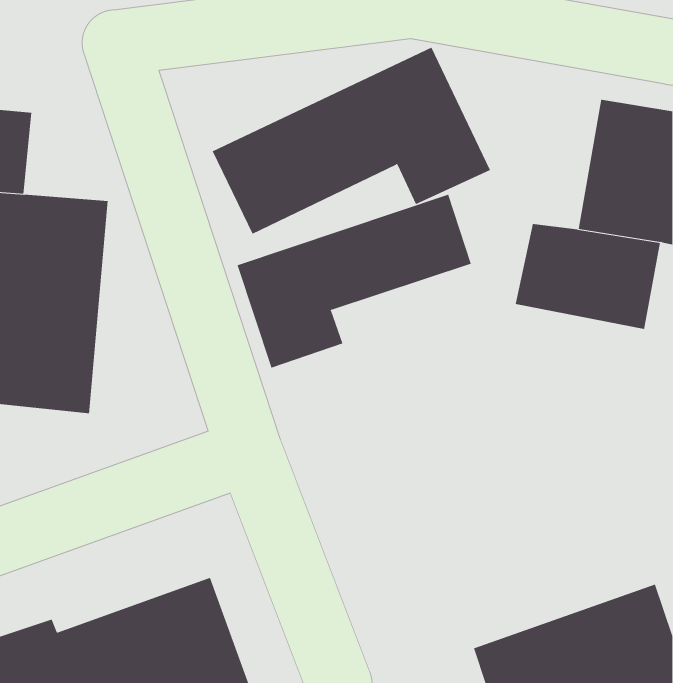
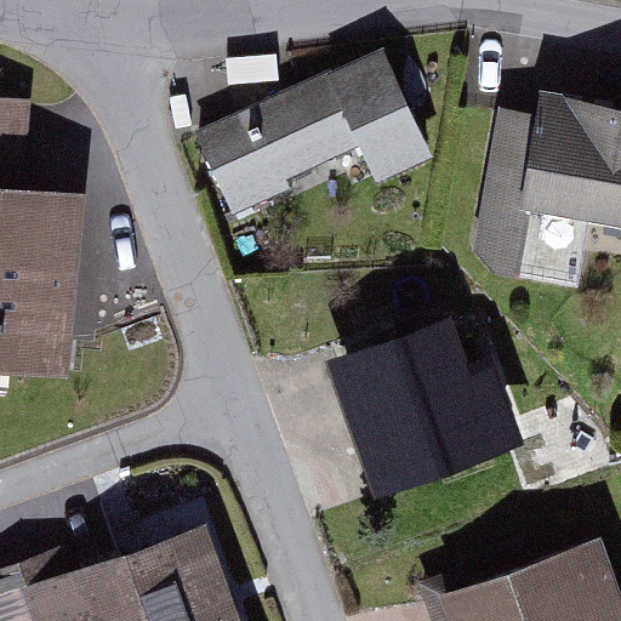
building: [237,194,471,369] -> none
building: none -> [330,312,519,496]

